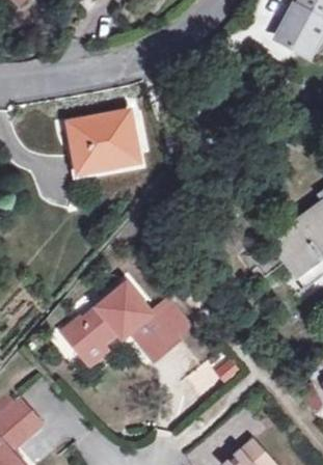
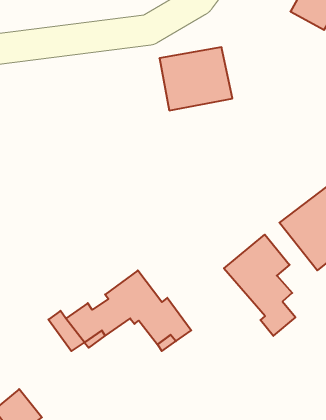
building: [74,103,143,163] -> [159,47,232,110]
building: none -> [224,235,295,336]

